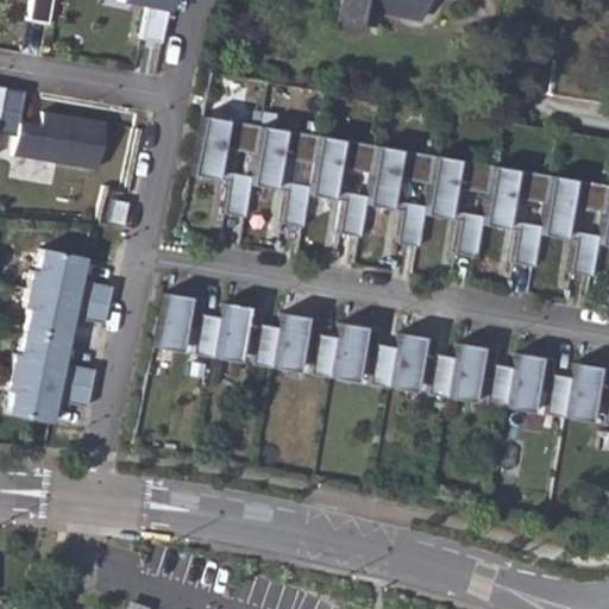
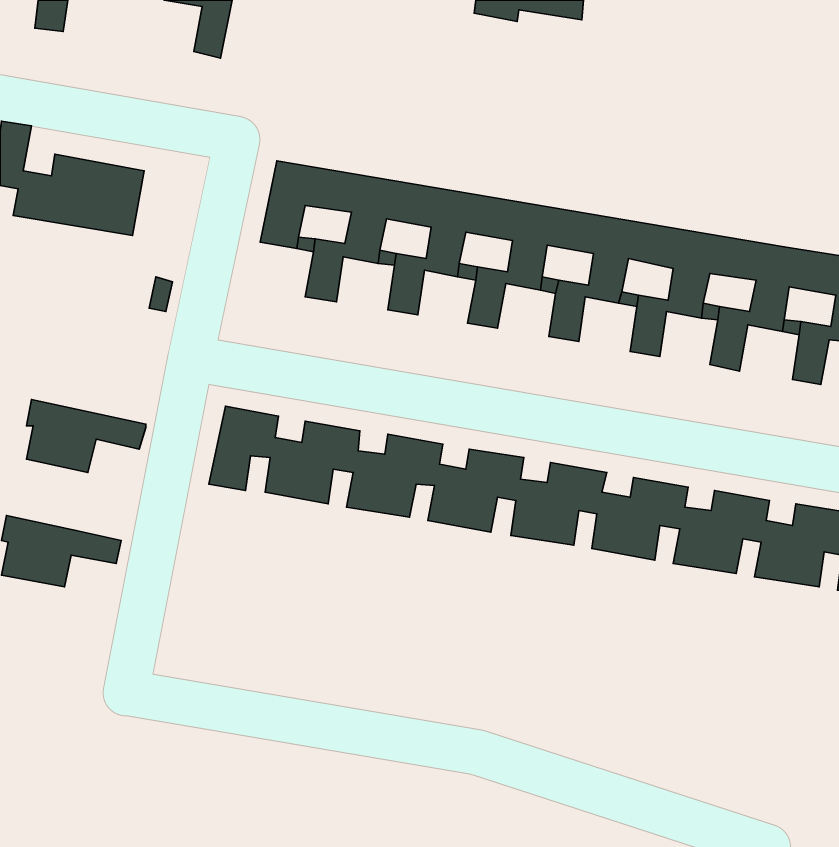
building: [29,245,114,304] -> none
building: [11,329,102,381] -> none

